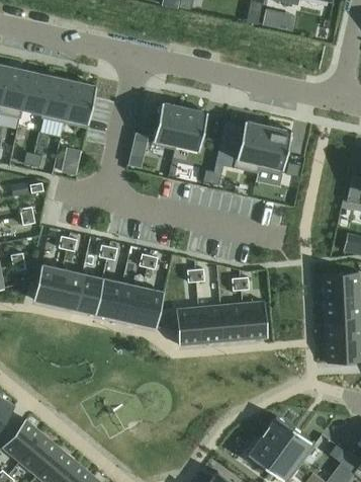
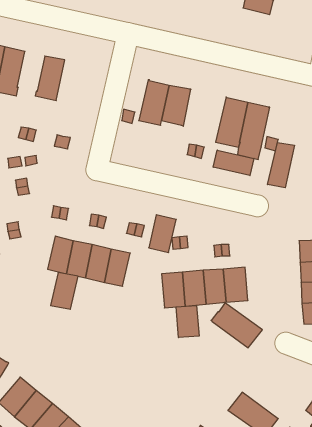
building: [22,71,52,113] -> none
building: [64,80,96,129] -> none
building: none -> [268,142,294,188]
building: none -> [213,150,254,176]
building: [33,264,63,304] -> [51,272,78,309]
building: [134,287,164,327] -> [149,215,176,253]
building: none -> [176,305,199,338]
building: [261,415,315,464] -> [211,302,262,348]

